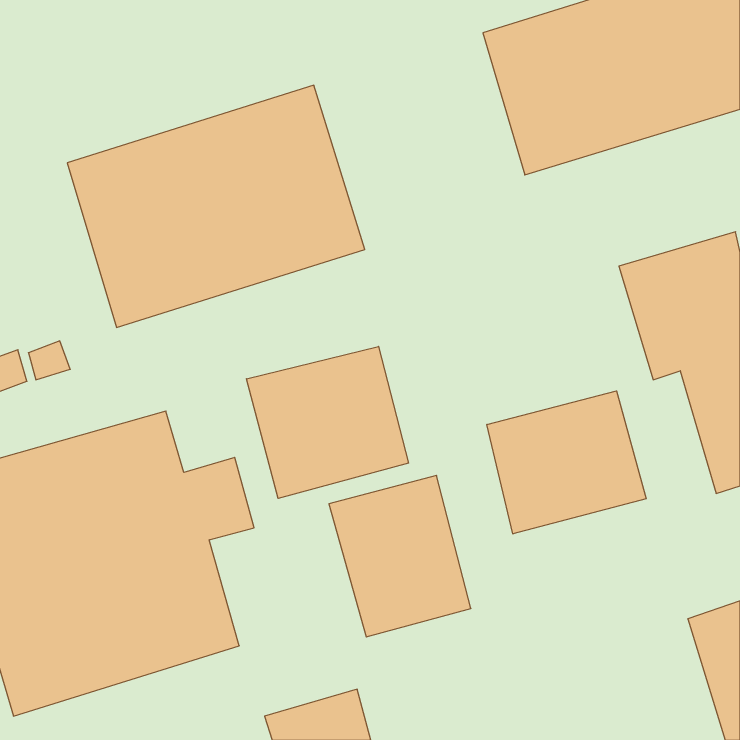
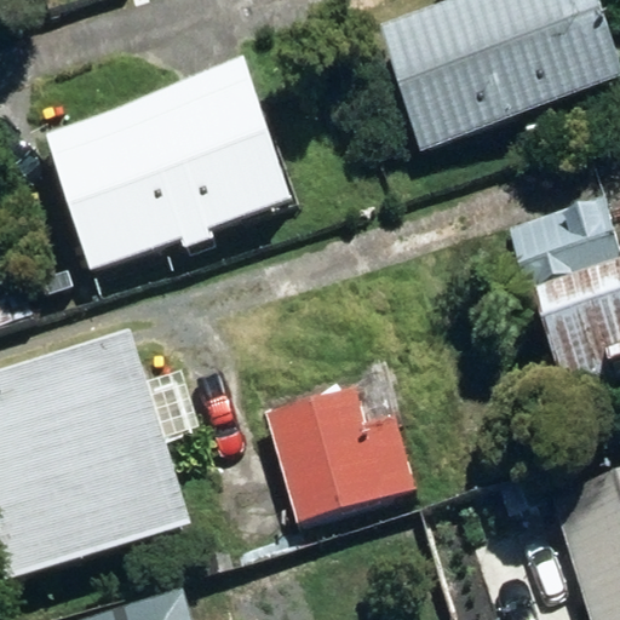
building: [246,346,409,498] -> none
building: [487,391,646,534] -> none

